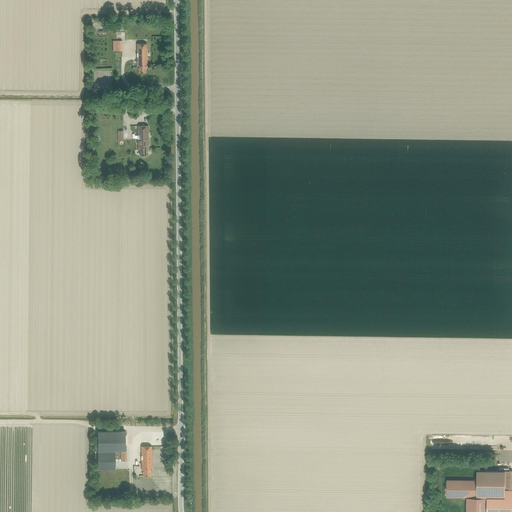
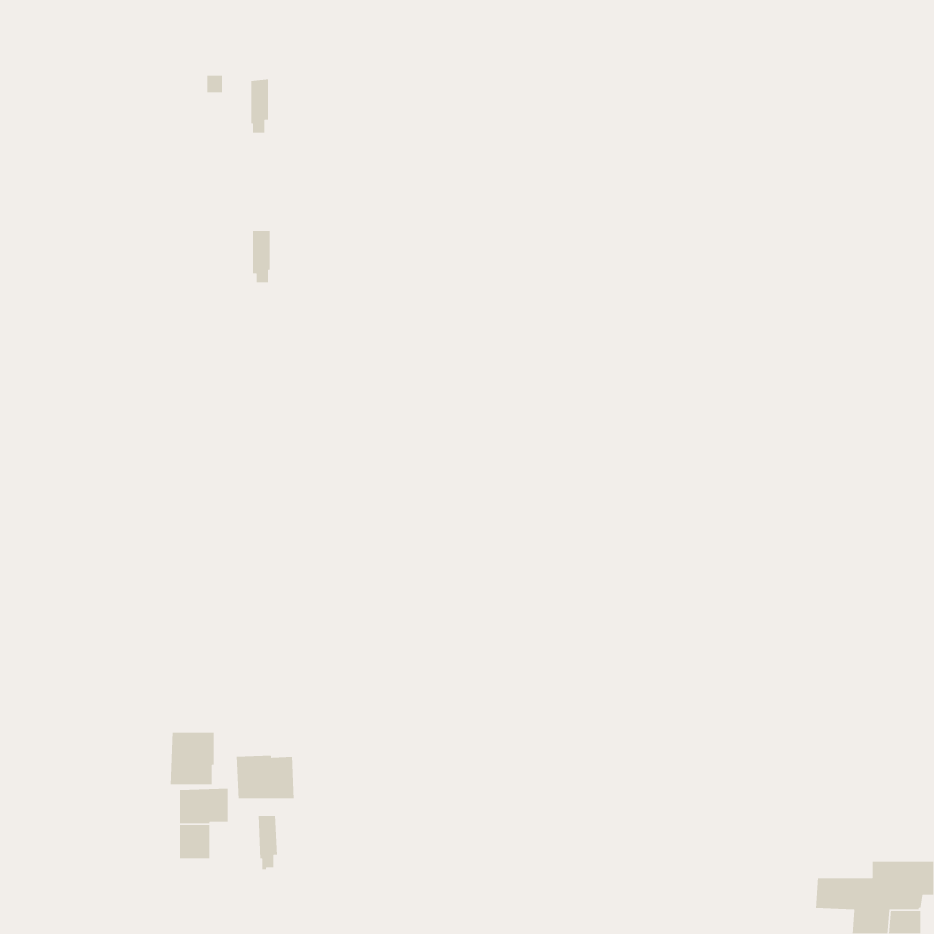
building: none -> [170,732,215,785]
building: none -> [236,755,294,799]

